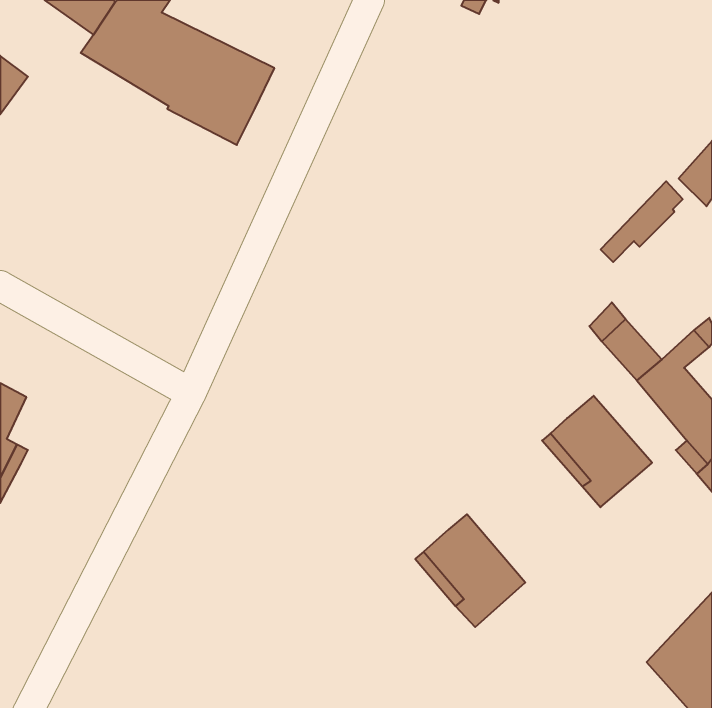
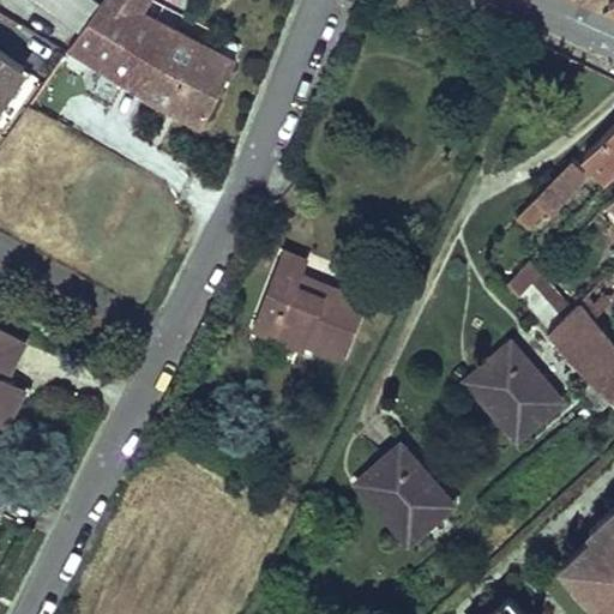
building: none -> [254,253,366,361]

